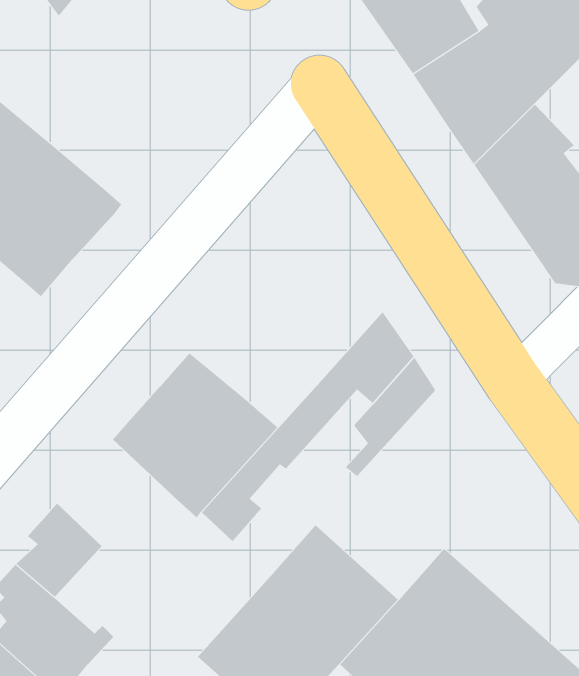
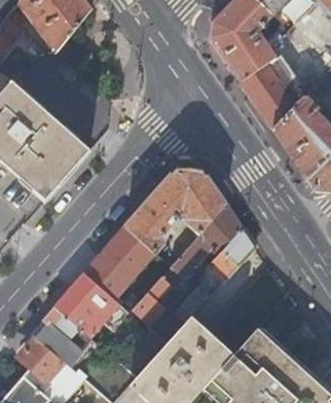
building: none -> [124,169,225,251]
building: none -> [56,271,118,336]

